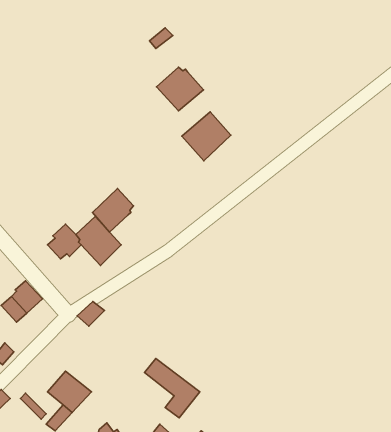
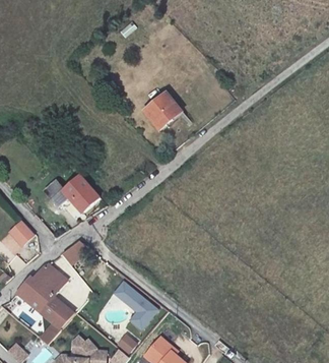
building: [156,67,203,111] -> none
building: [93,189,134,232] -> none
building: none -> [19,265,63,310]

